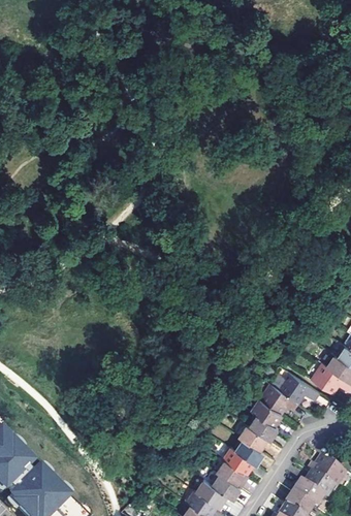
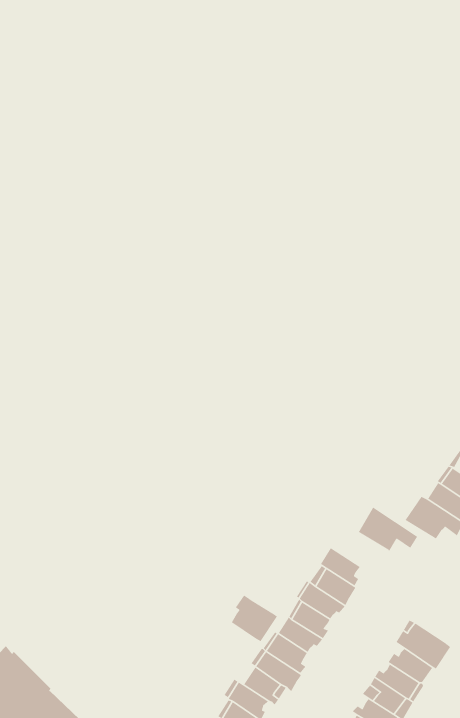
building: [261,383,300,413] -> none
building: none -> [231,594,278,642]

